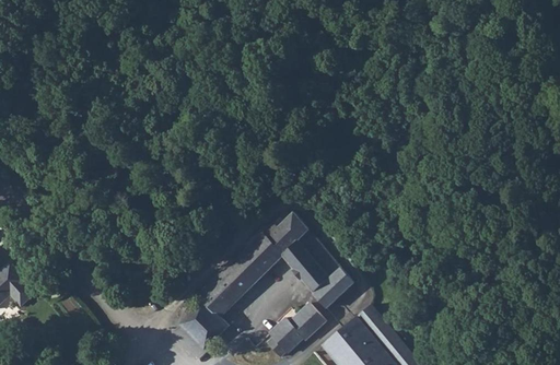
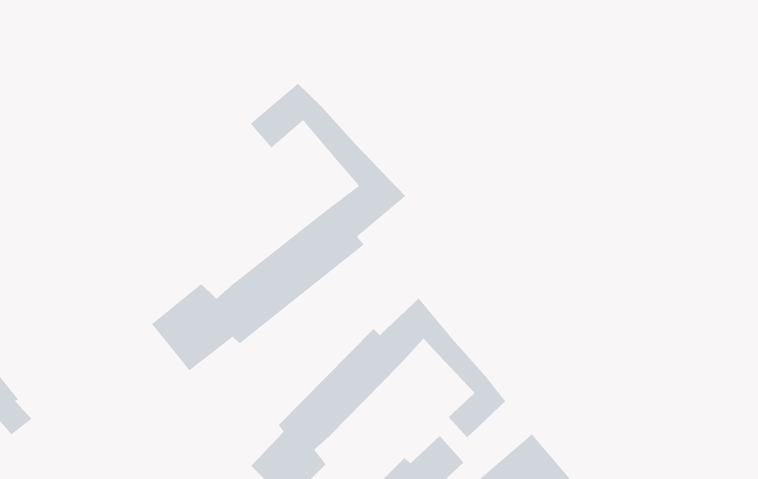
building: none -> [151,83,406,371]
building: [280,240,330,293] -> none

